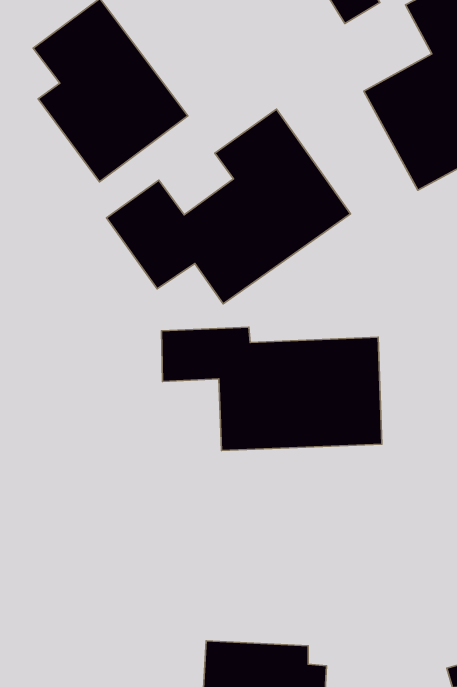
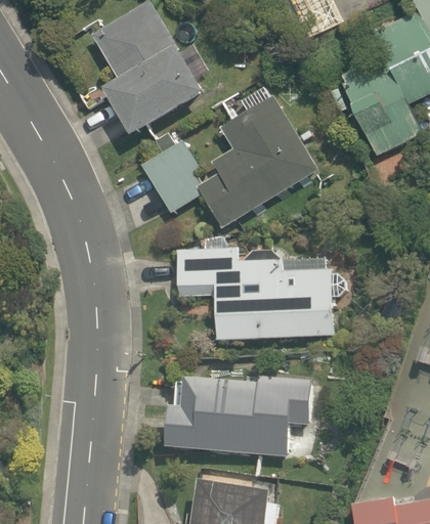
building: none -> [163,361,315,455]

